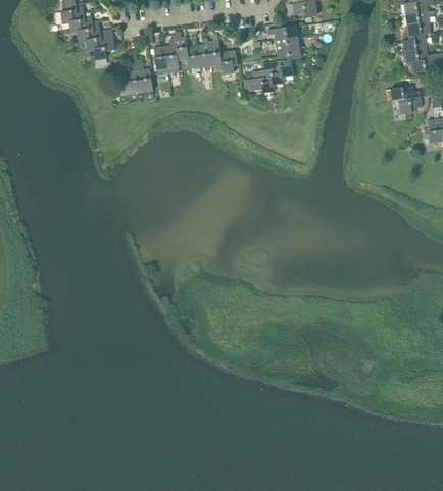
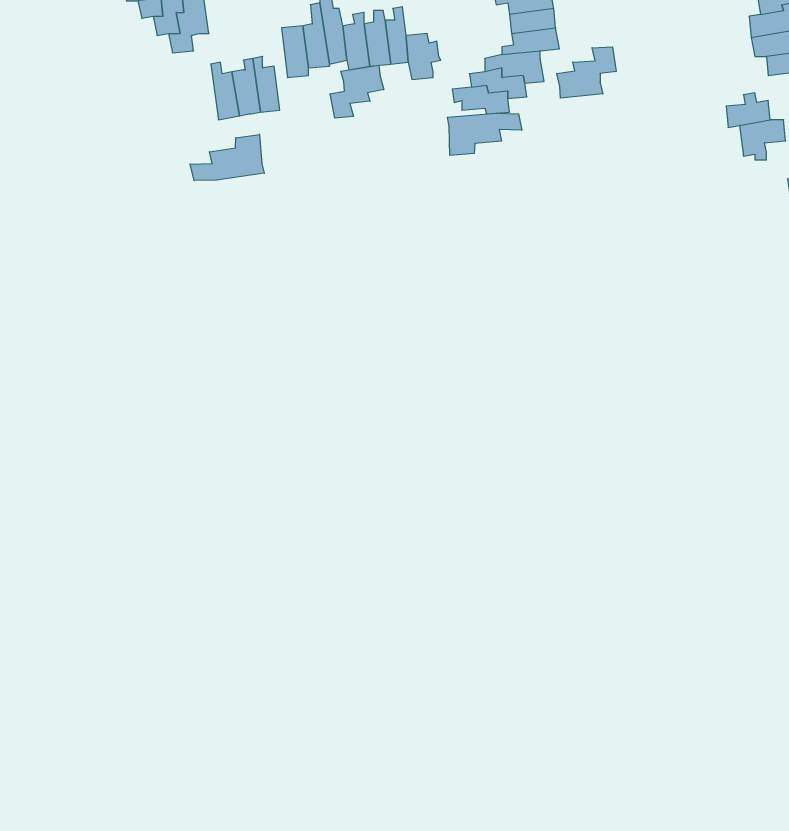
building: none -> [557,47,616,98]
building: none -> [330,65,384,118]
building: none -> [447,113,522,155]
building: none -> [190,134,264,181]

